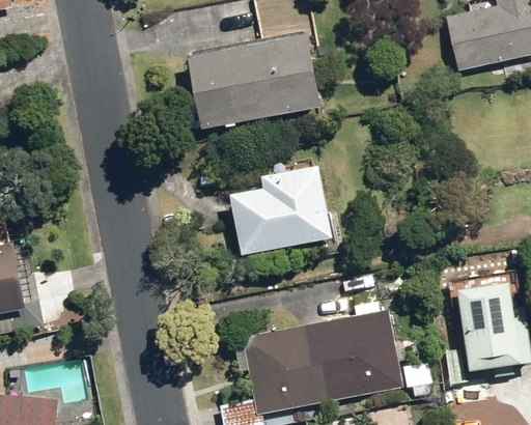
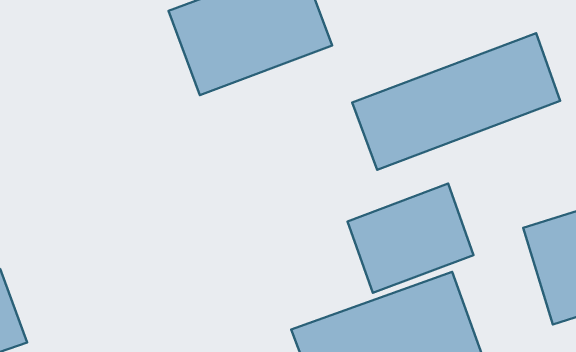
building: none -> [352,33,560,170]
building: [229,172,330,253] -> [347,183,474,293]

